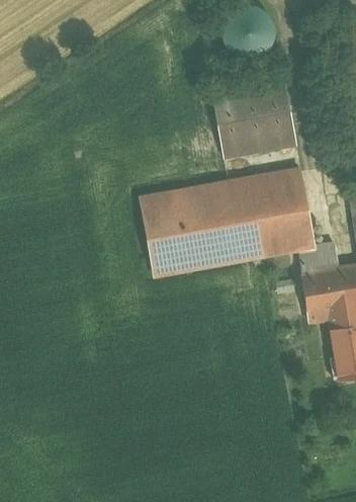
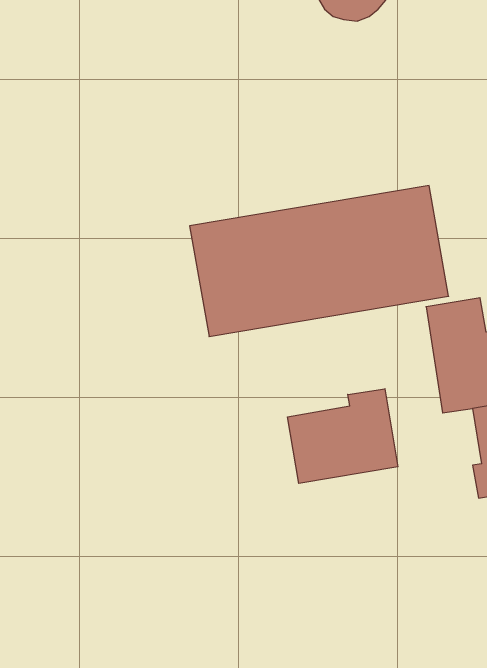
building: [212,77,296,158] -> none
building: none -> [288,389,398,483]

